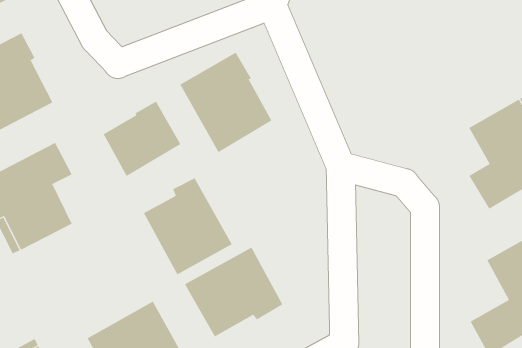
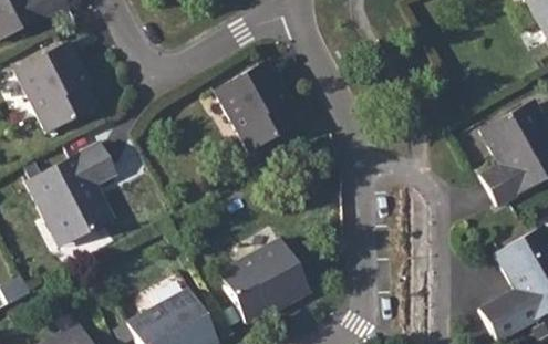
building: [103,101,181,177] -> none
building: [143,178,233,275] -> none

